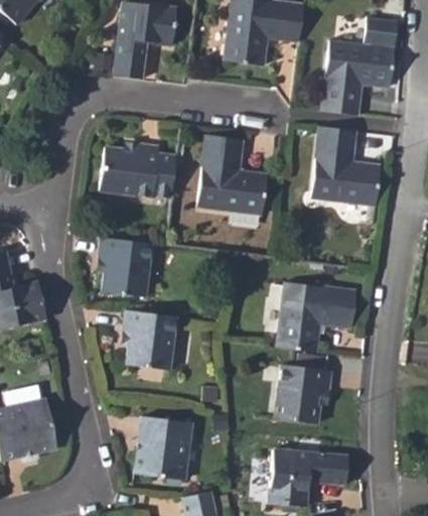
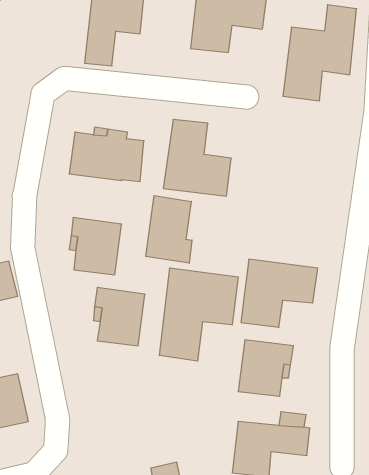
building: [311,126,381,205] -> none
building: none -> [146,196,192,263]
building: none -> [160,268,238,361]
building: [134,416,191,480] -> none

